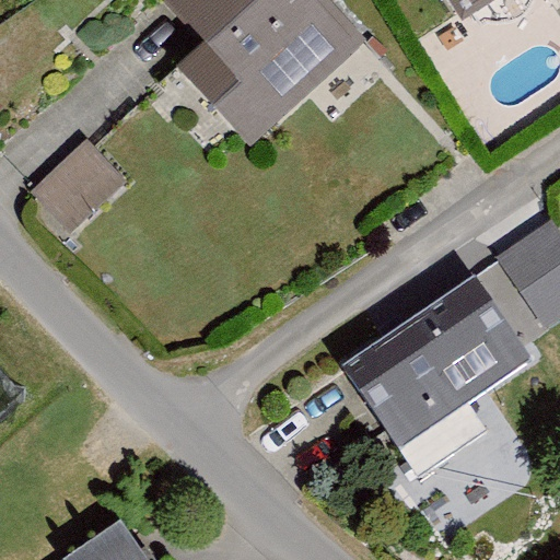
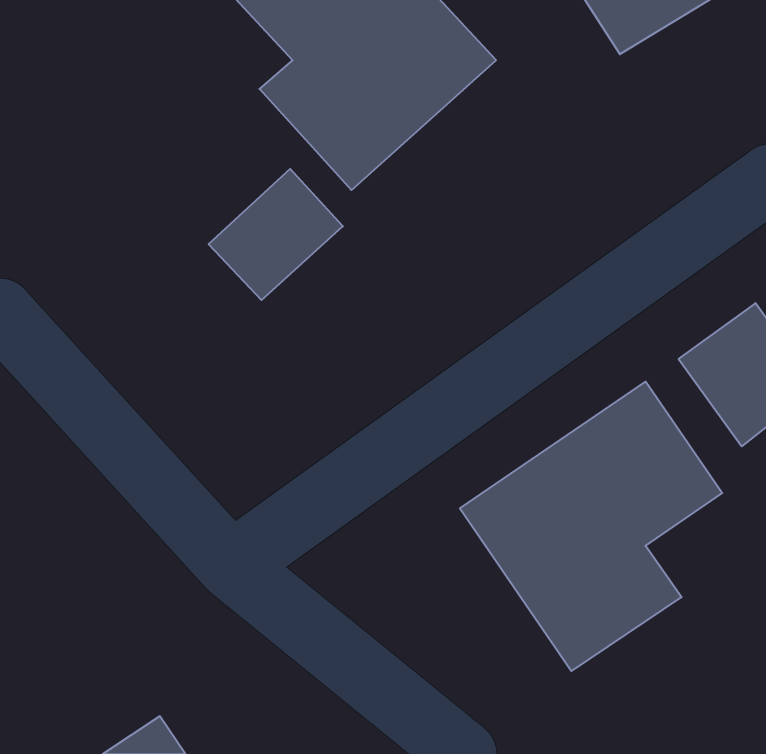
building: [30,137,127,232] -> [209,169,343,300]

